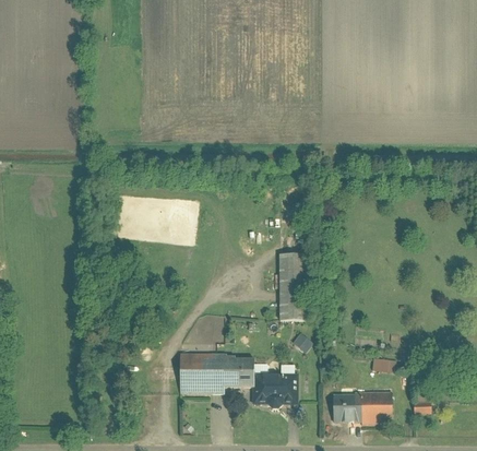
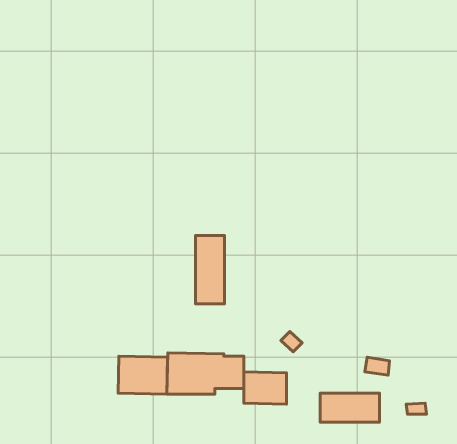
building: [277,252,306,319] -> [195,236,224,304]
building: none -> [118,356,168,394]

